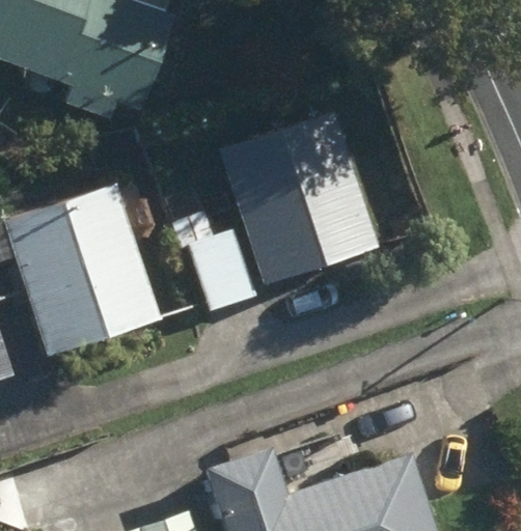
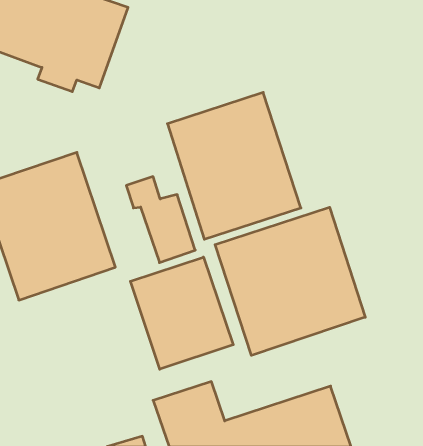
building: none -> [215,207,365,355]
building: none -> [130,257,233,369]

